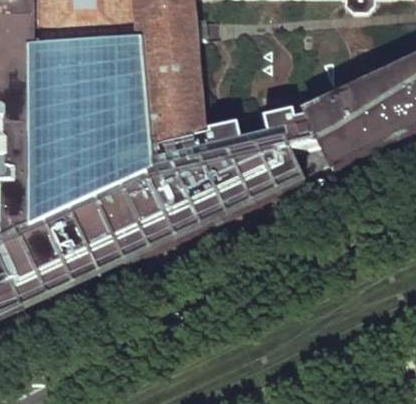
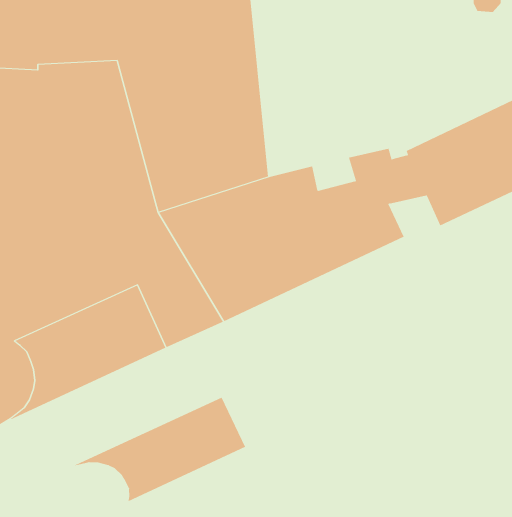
building: none -> [63,397,246,502]

